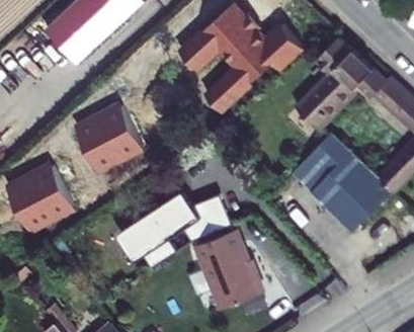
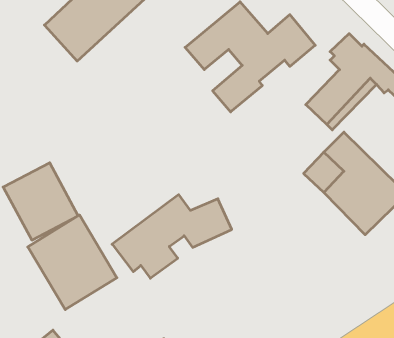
building: [75,102,146,174] -> none
building: none -> [28,215,117,310]
building: [192,227,258,307] -> none

